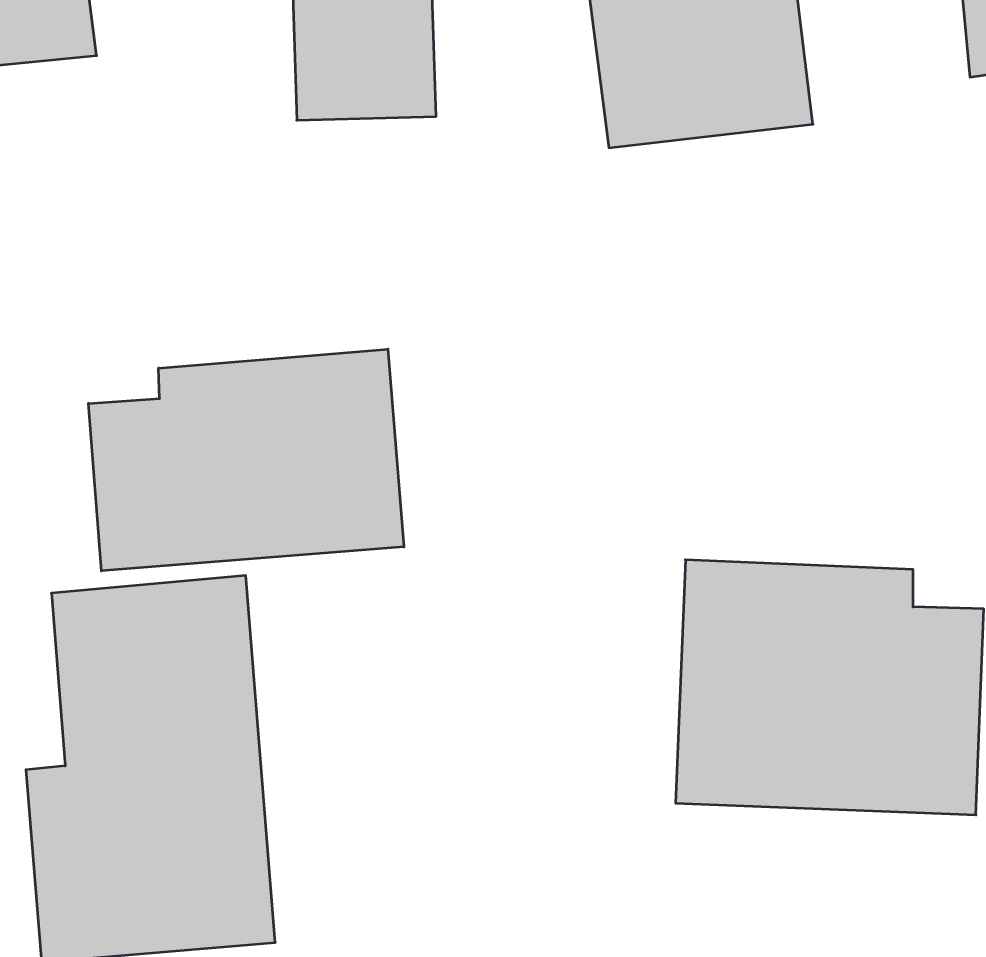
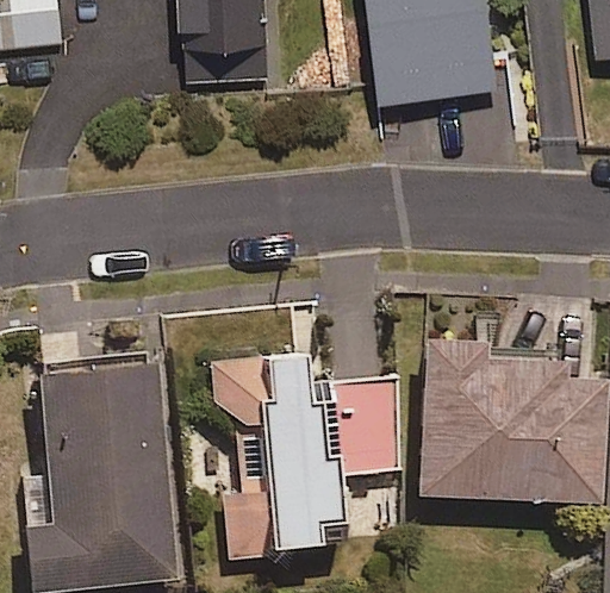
building: [88,349,404,571] -> none
building: none -> [211,355,399,561]

